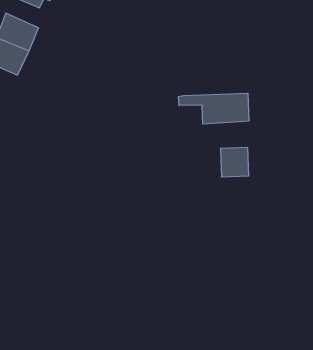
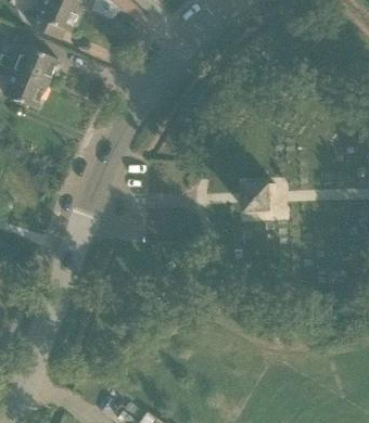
building: [179,93,249,124] -> none

